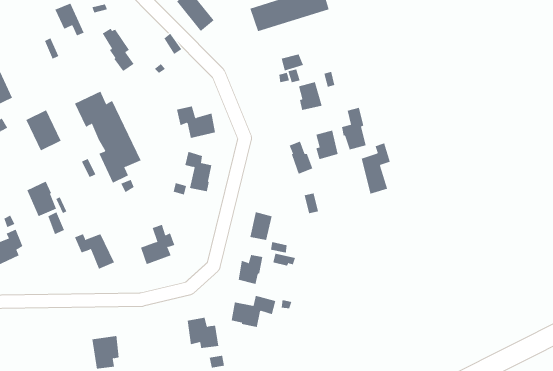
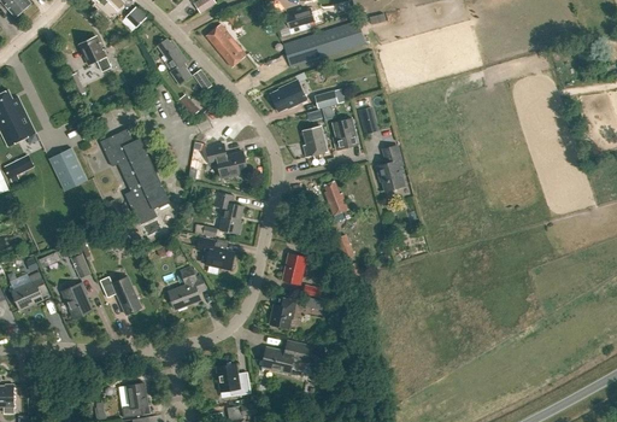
building: [102,28,134,72] -> [158,39,192,84]
building: none -> [271,80,306,110]
building: [315,130,339,160] -> [302,125,327,157]
building: [361,142,390,195] -> none
building: [27,181,57,217] -> [61,281,93,318]
building: none -> [196,236,235,269]

